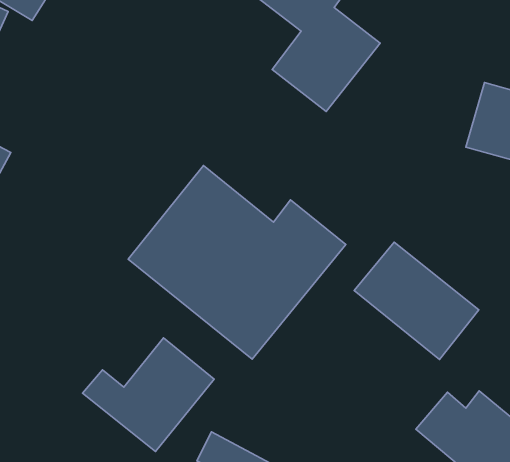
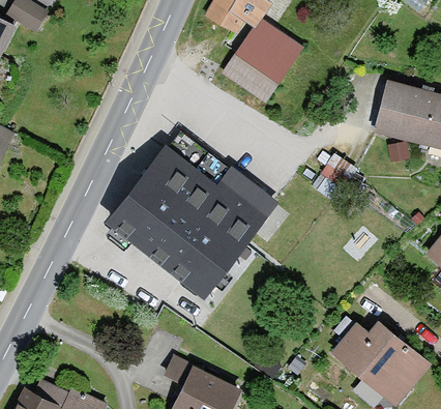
building: [354,242,479,359] -> none
building: [83,338,214,452] -> none

